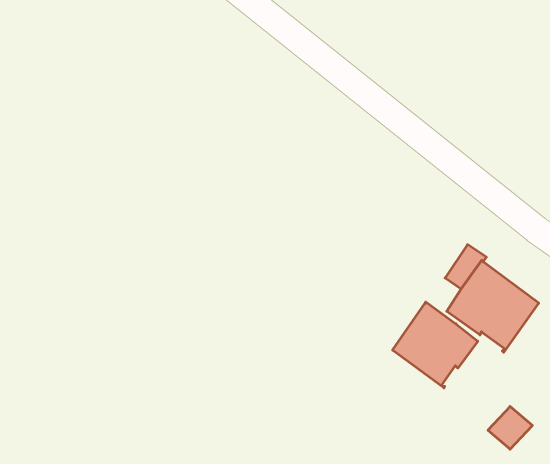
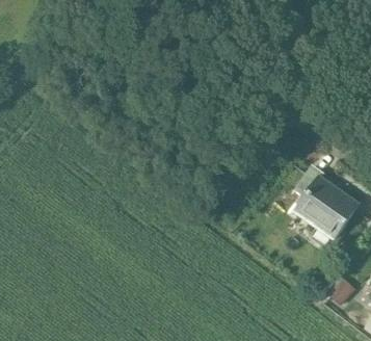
building: [393,302,478,388] -> none

